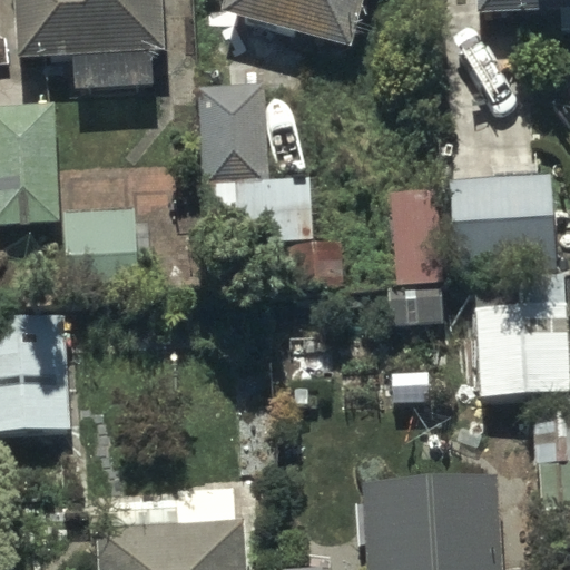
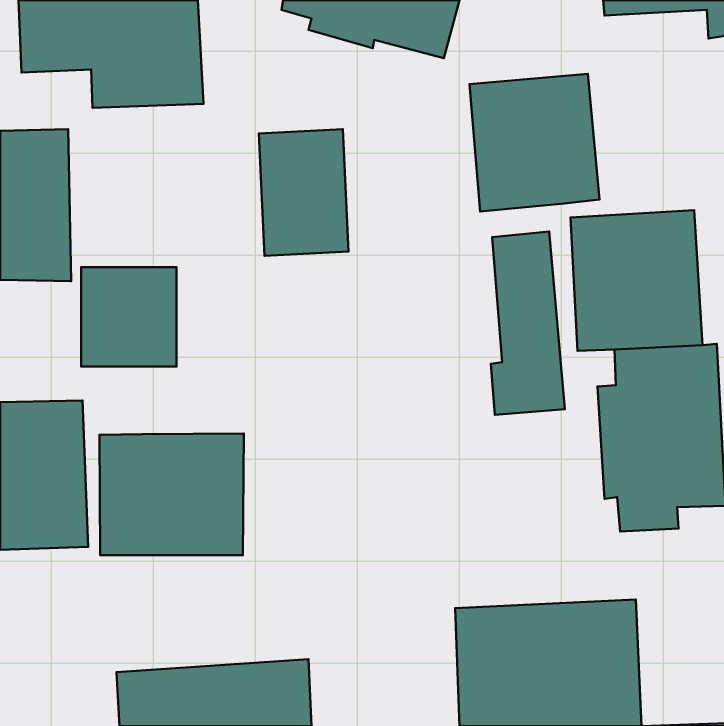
building: none -> [470,74,600,212]
building: none -> [99,433,244,555]

